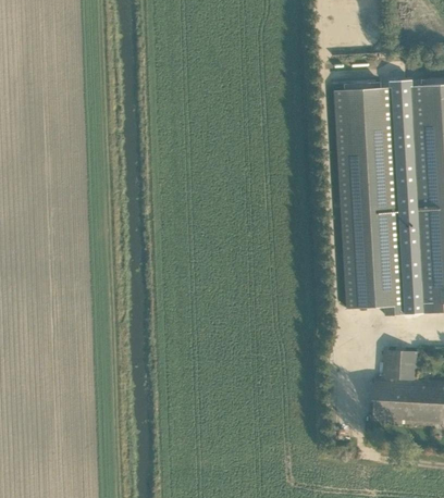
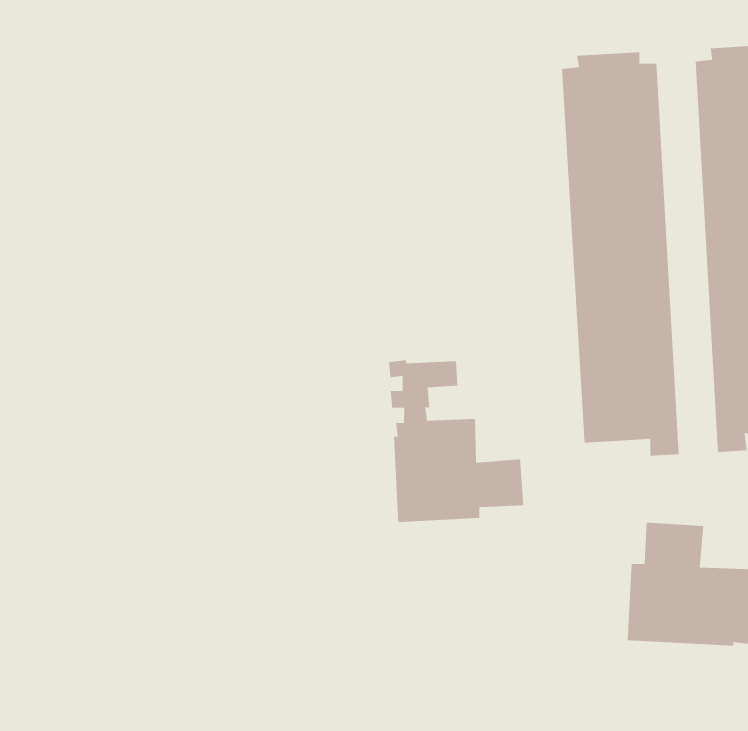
building: [386,79,422,313] -> none
building: none -> [389,360,524,523]

